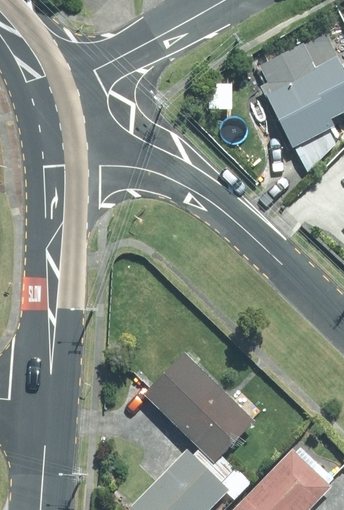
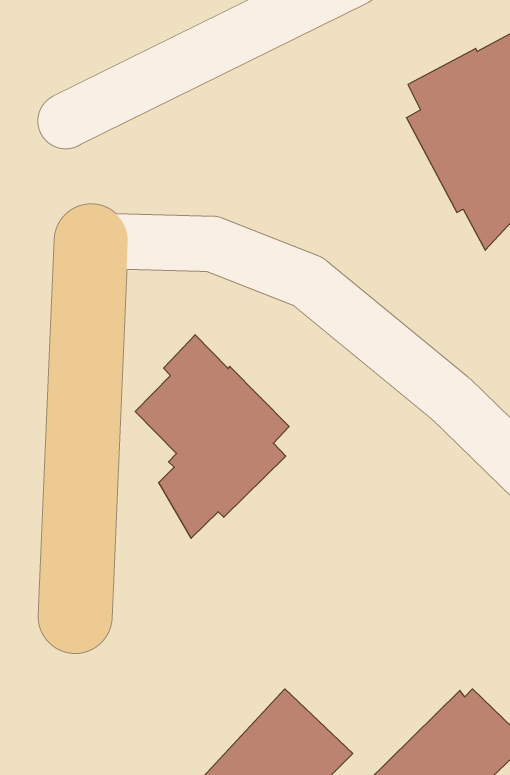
building: none -> [135,335,289,538]
building: [143,352,253,462] -> none

